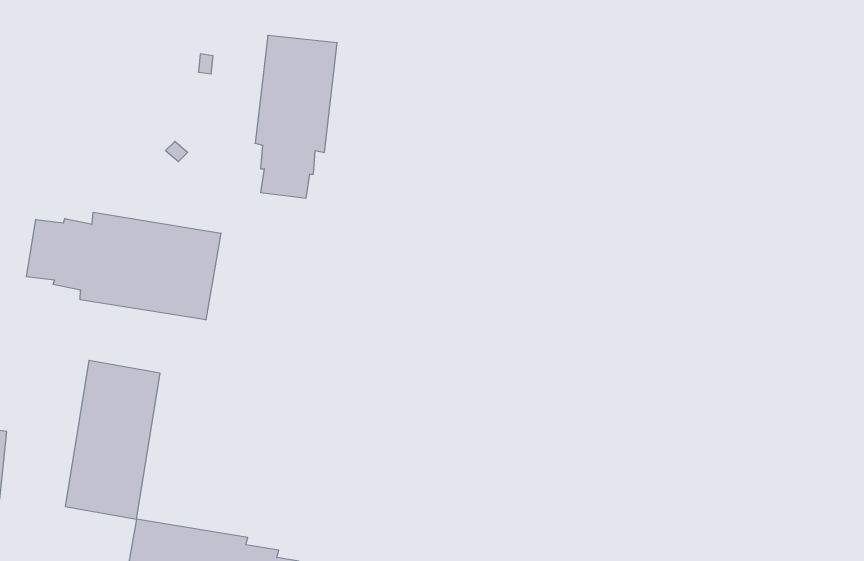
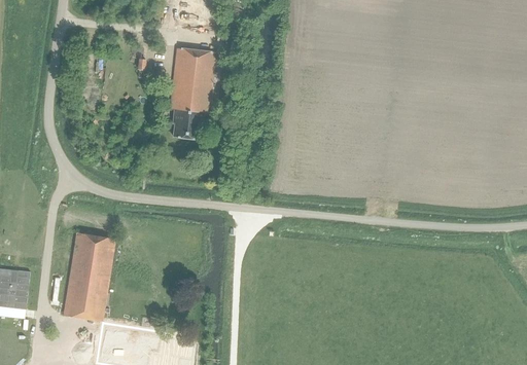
building: [27,212,221,320] -> none

